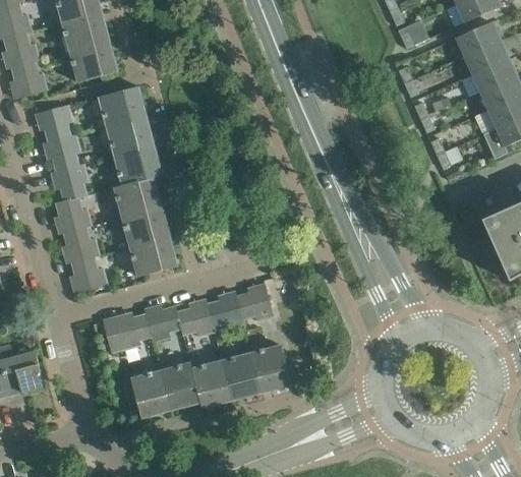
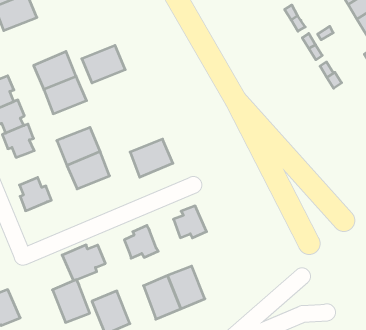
building: [68,42,117,82] -> none
building: [113,145,162,185] -> [82,45,125,83]
building: [54,197,90,234] -> none
building: [129,236,177,277] -> [130,139,173,177]
building: [69,256,106,293] -> none
building: [207,292,243,327] -> none
building: [143,305,180,341] -> none
building: [250,345,290,393] -> none
building: [160,362,199,410] -> [52,280,90,322]

